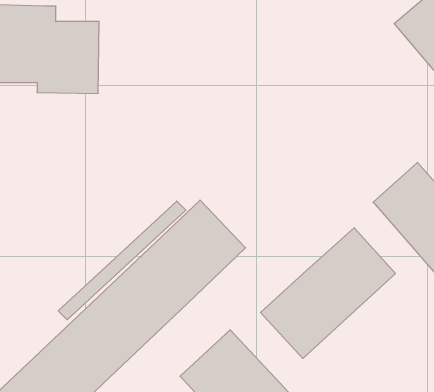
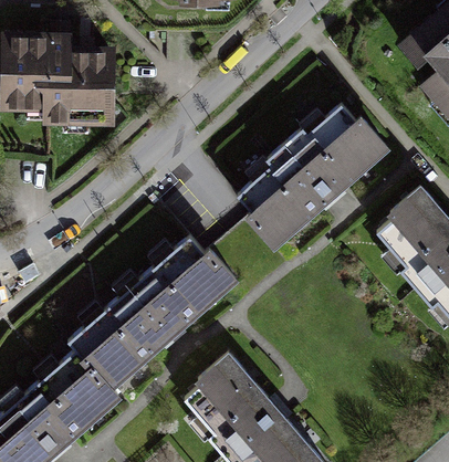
building: none -> [226,104,386,254]
building: [261,228,395,358] -> none

